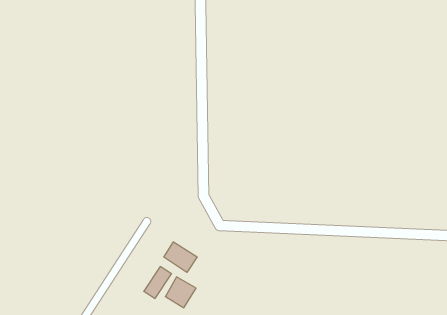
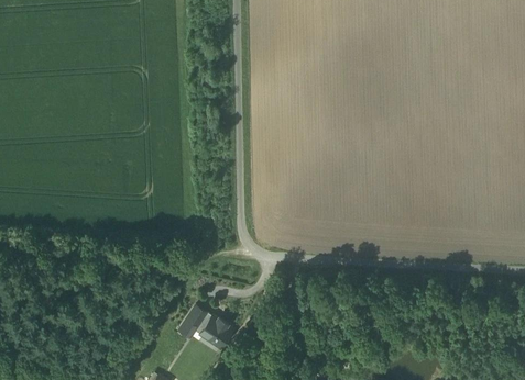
building: [164,242,197,272] -> none

